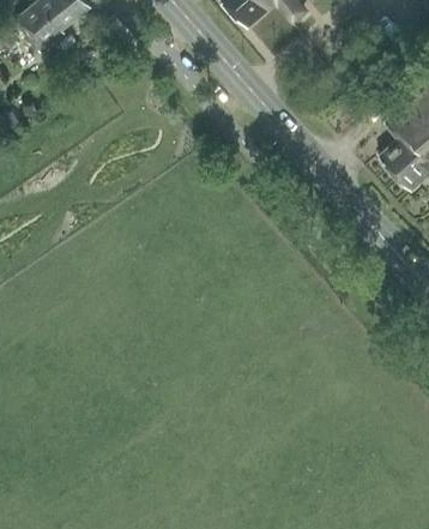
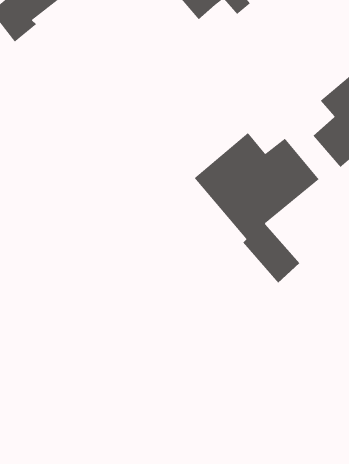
building: none -> [194,132,320,283]

